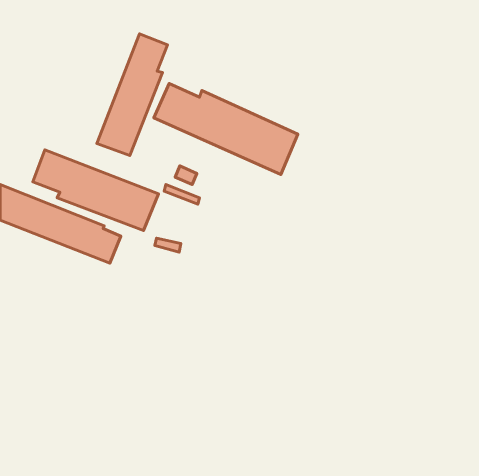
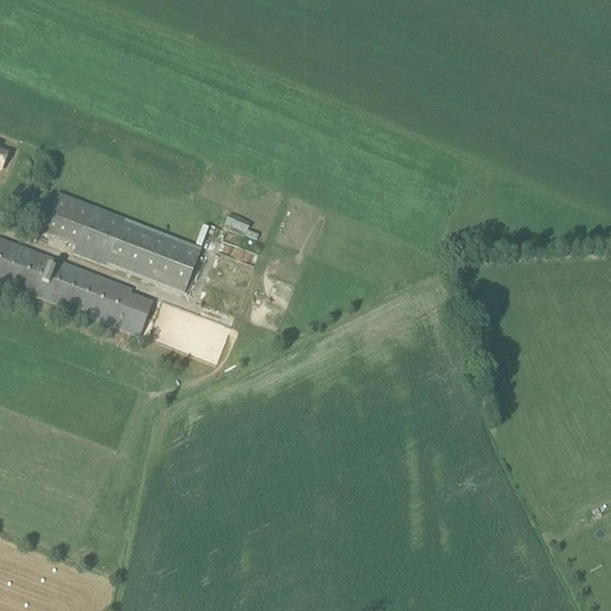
building: [97,34,168,156] -> none
building: [154,83,298,174] -> none

